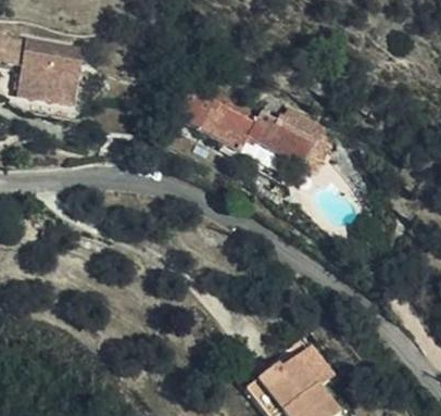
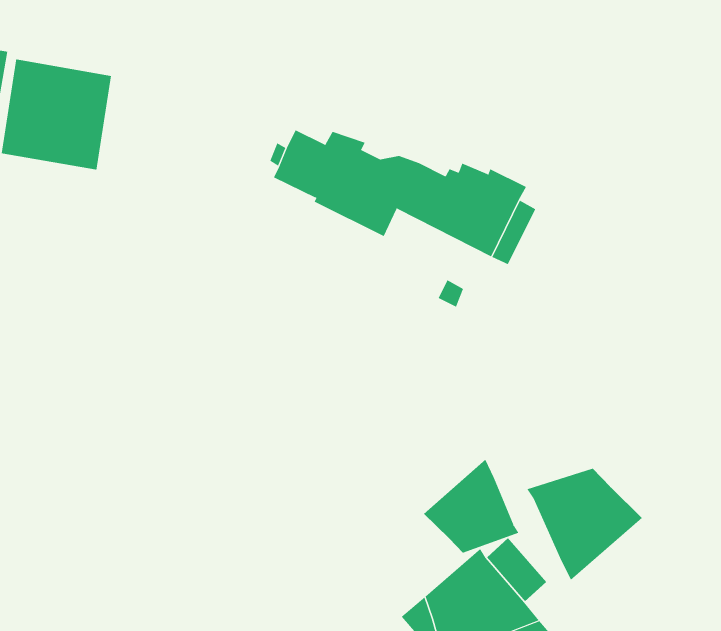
building: none -> [423,459,519,553]
building: none -> [527,468,643,581]

